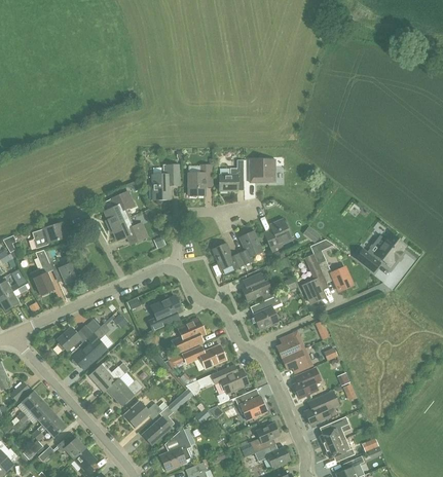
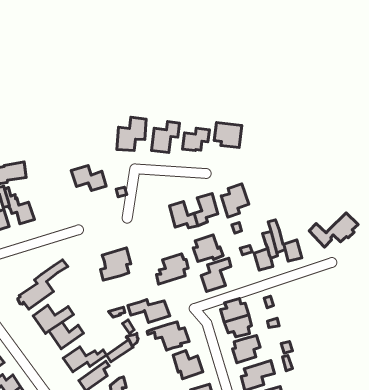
building: [103,191,133,225] -> none
building: [173,320,204,353] -> [157,254,188,284]
building: [57,325,91,351] -> none

